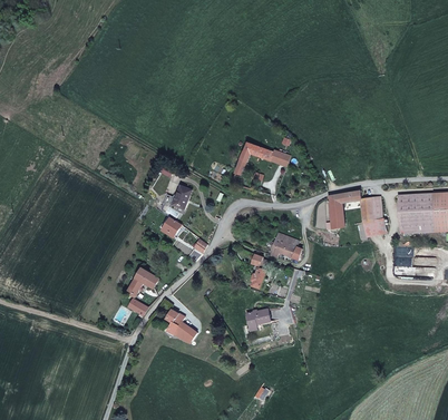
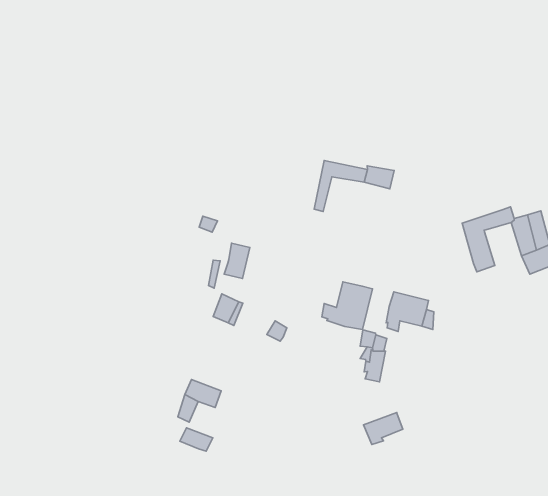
building: none -> [322,282,373,330]
building: [165,310,197,341] -> none

